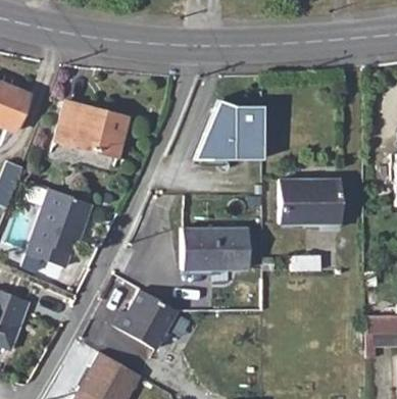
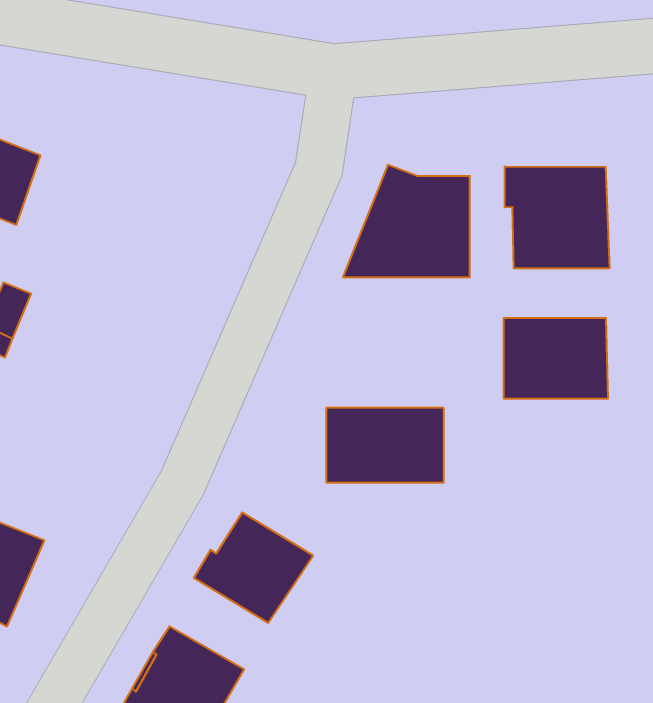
building: none -> [505,166,610,268]
building: [54,101,128,156] -> none
building: [27,190,92,267] -> none

